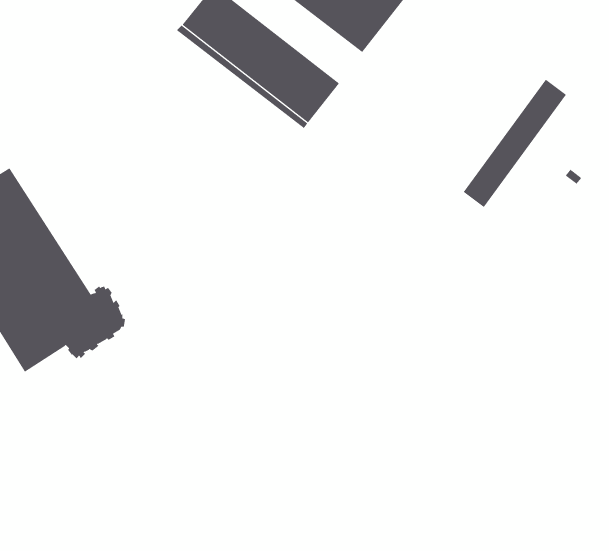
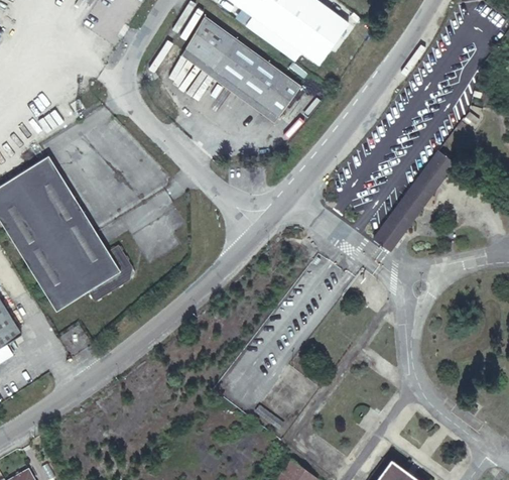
building: [463,79,567,208] -> [373,154,452,252]

